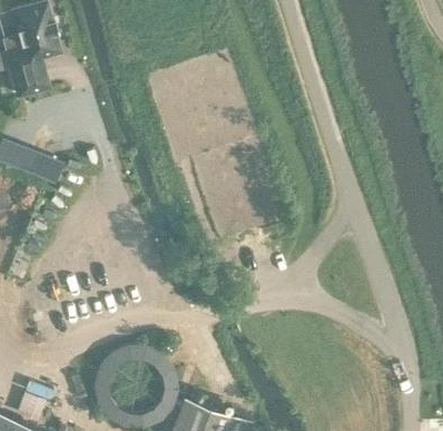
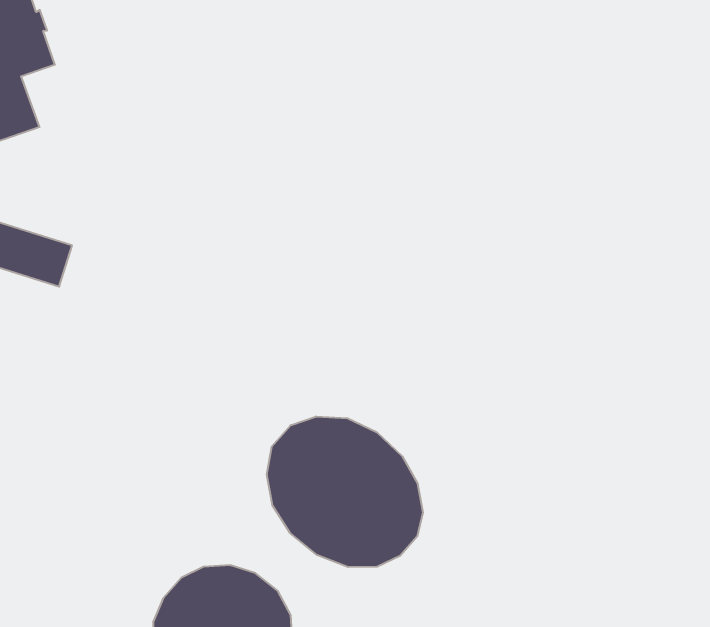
building: none -> [267,416,423,567]

